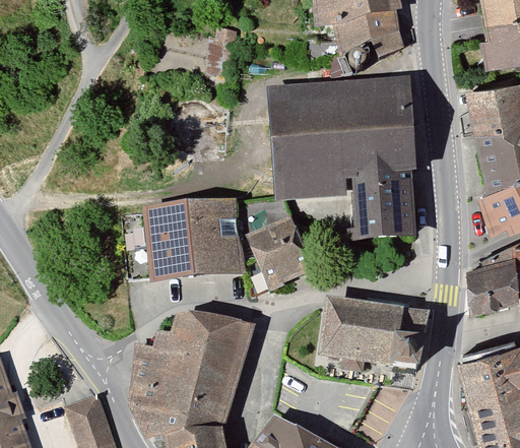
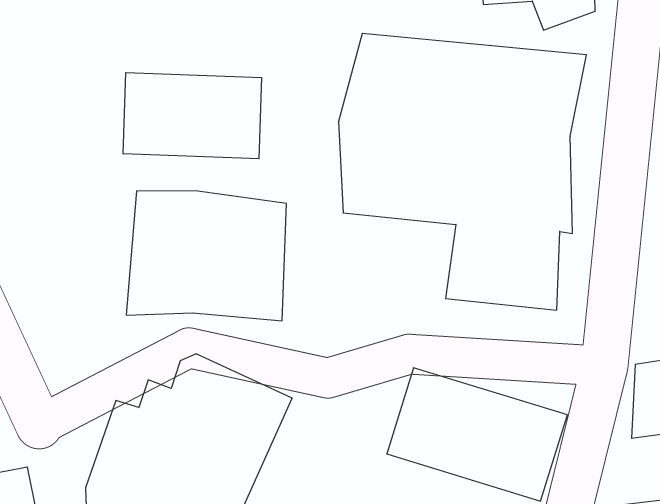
building: none -> [123,73,262,159]
building: [240,216,312,293] -> none

